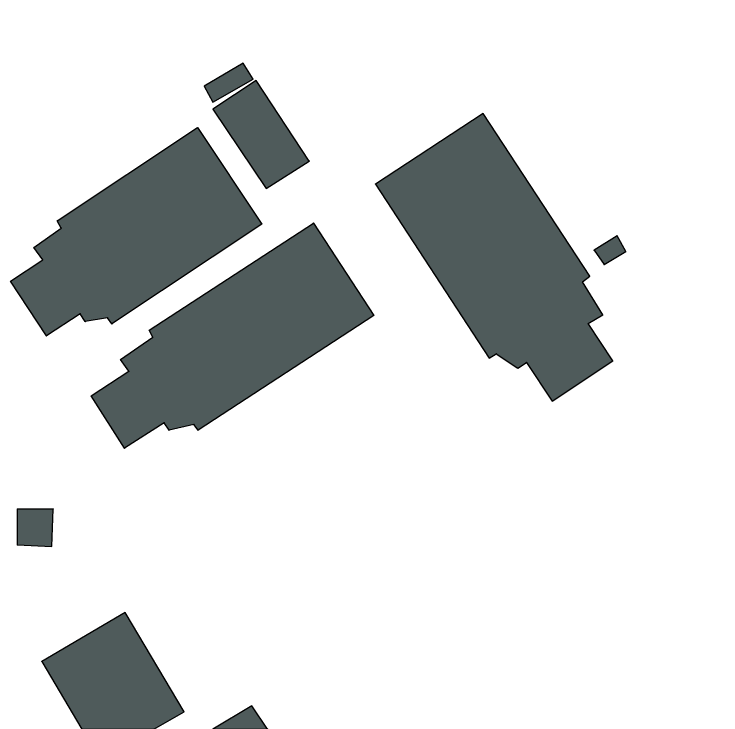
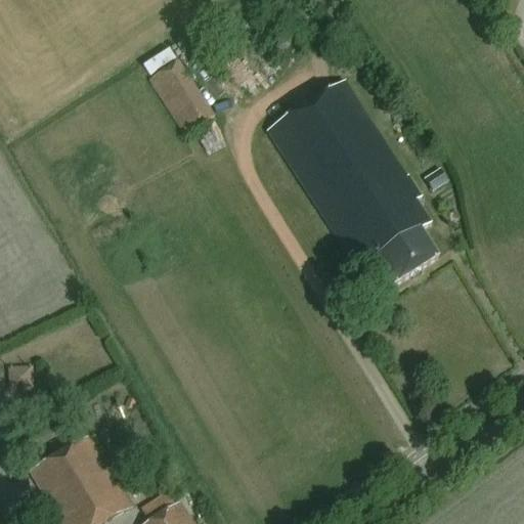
building: [11,128,262,336] -> none
building: [91,223,374,448] -> none

